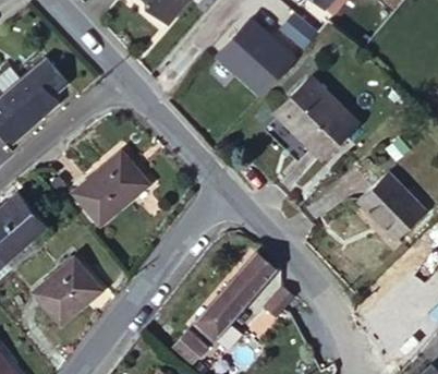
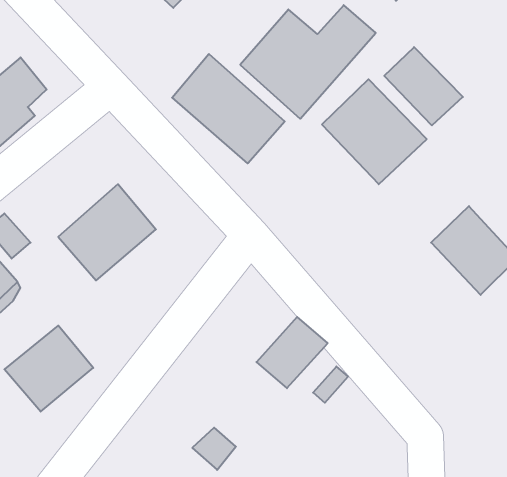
building: none -> [384,47,463,125]
building: none -> [172,54,285,163]
building: [195,286,250,341] -> none

